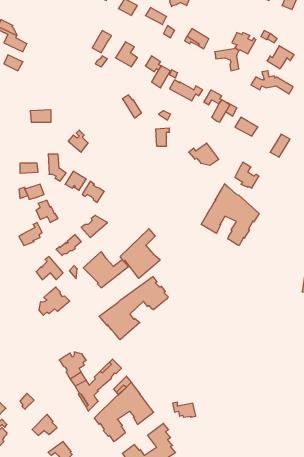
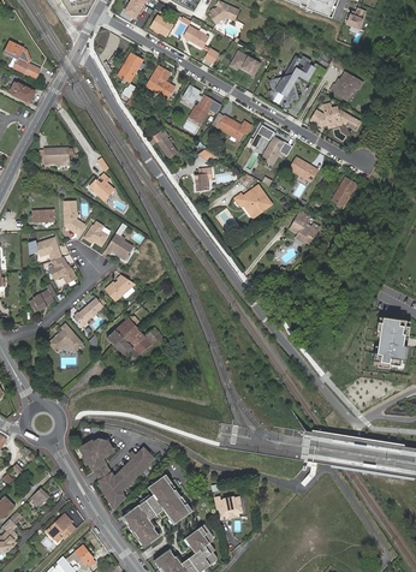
building: [201,184,259,245] -> none
building: [120,229,160,278] -> none
building: [99,277,168,340] -> none
building: [39,287,70,315] -> none

